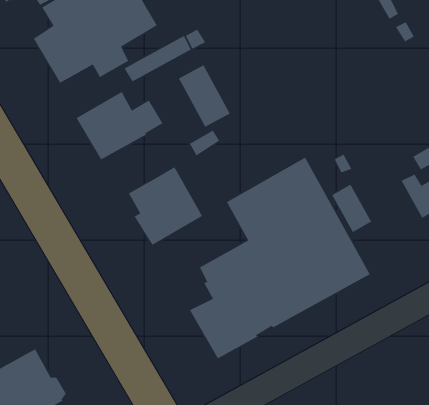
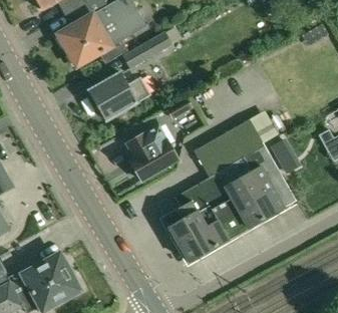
building: [178,64,231,128] -> none

